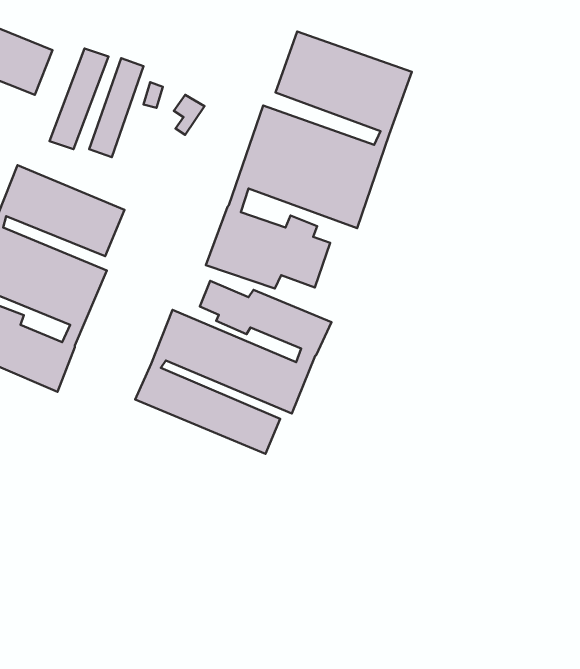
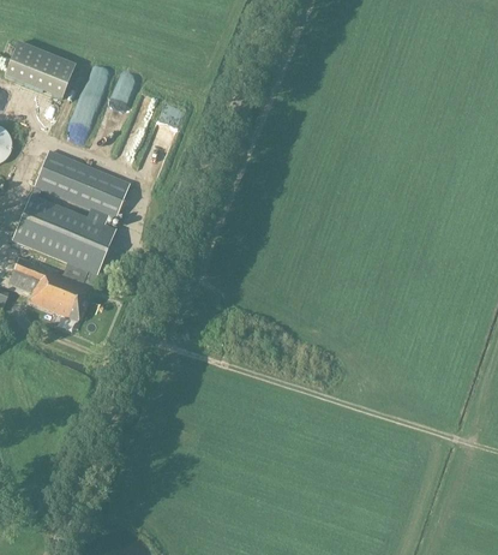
building: [206,32,412,289] -> none
building: [135,281,331,454] -> none

